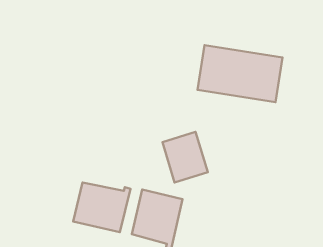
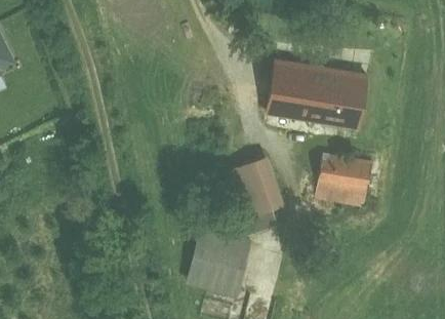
building: none -> [315,155,371,207]
building: [73,182,131,232] -> none

